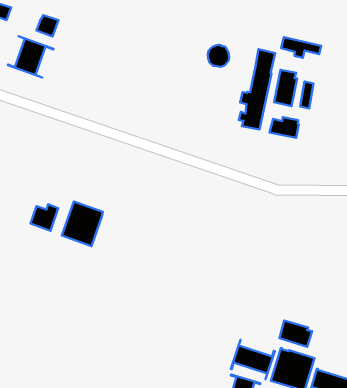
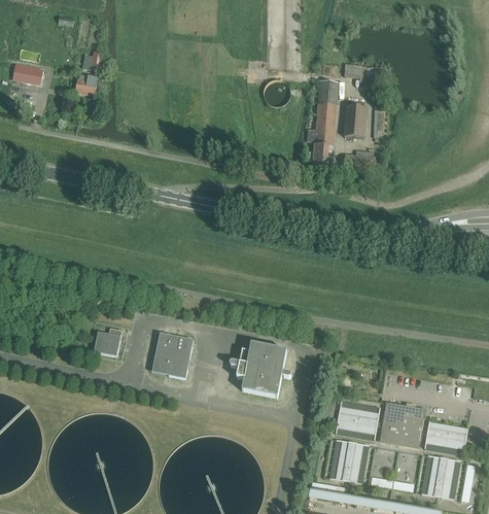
building: [8,36,54,77] -> none
building: [62,201,103,246] -> [151,332,193,378]
building: [31,204,58,231] -> [94,325,121,354]
building: none -> [228,342,290,396]
building: [279,320,312,347] -> none

